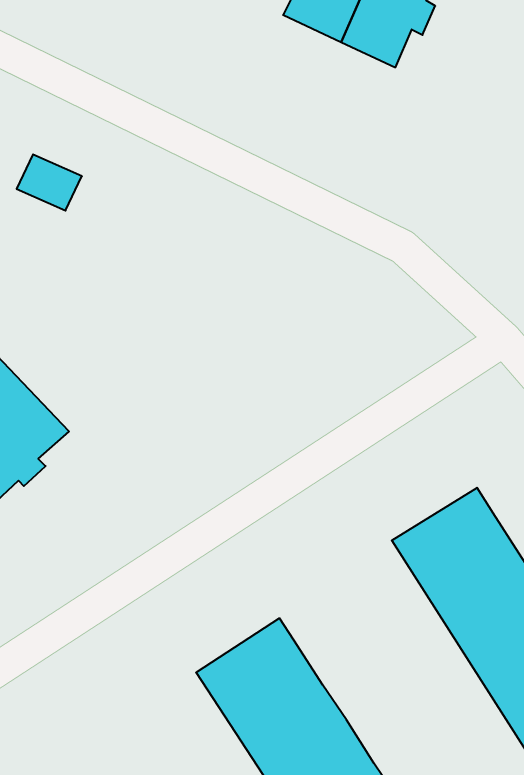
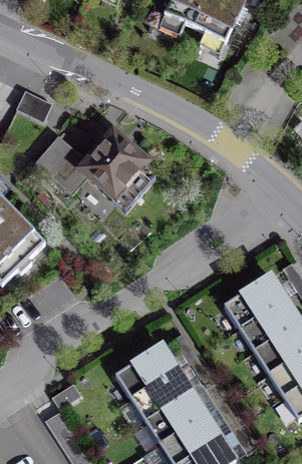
building: none -> [35,133,156,211]

